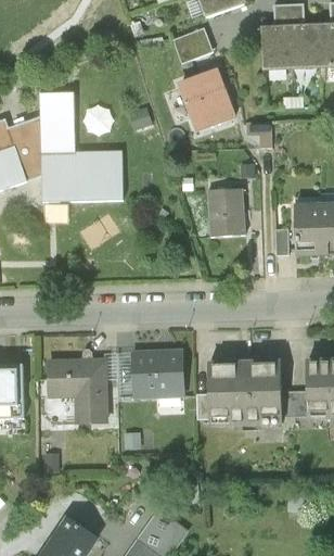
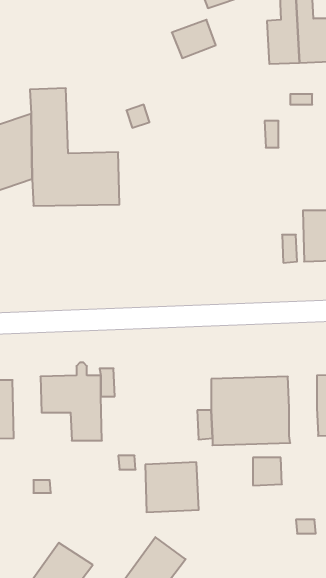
building: [180,70,234,131] -> none
building: [207,189,245,237] -> none
building: [133,351,183,397] -> [145,462,199,512]
building: [281,391,308,417] -> [253,458,282,485]

